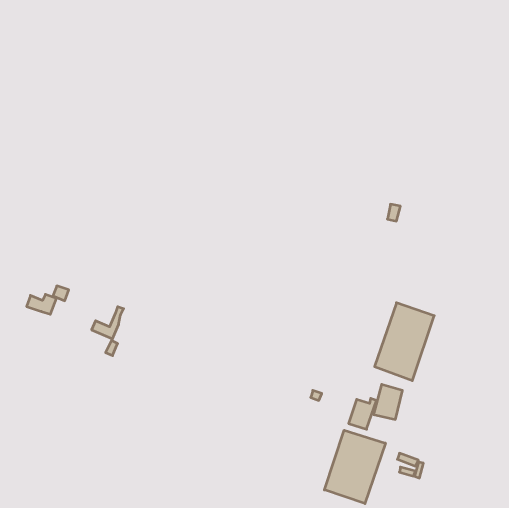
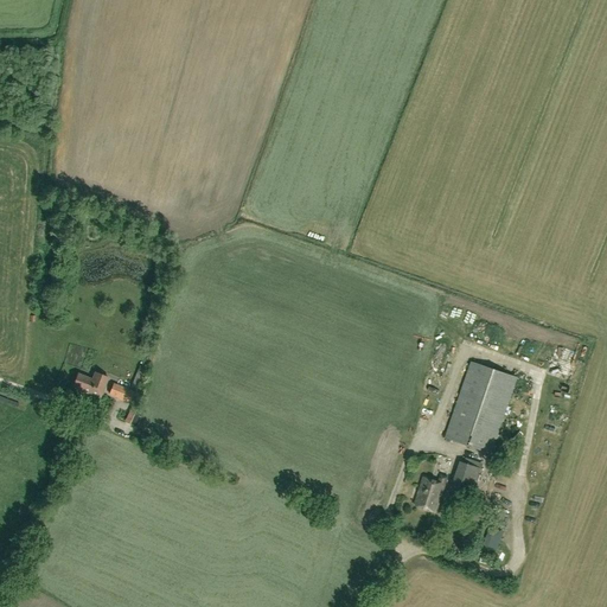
building: [27,294,56,314] -> [72,371,108,395]
building: [324,430,385,504] -> none

